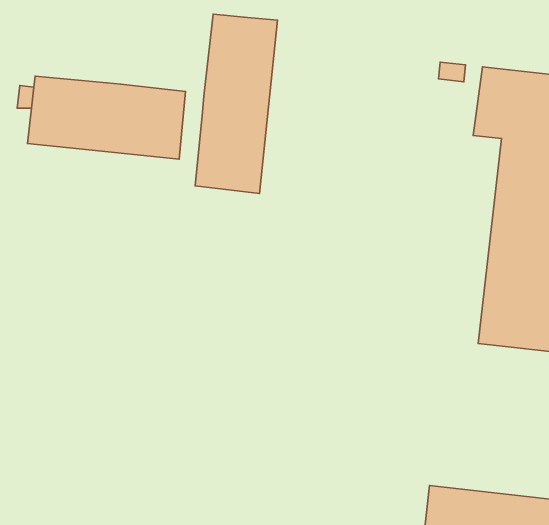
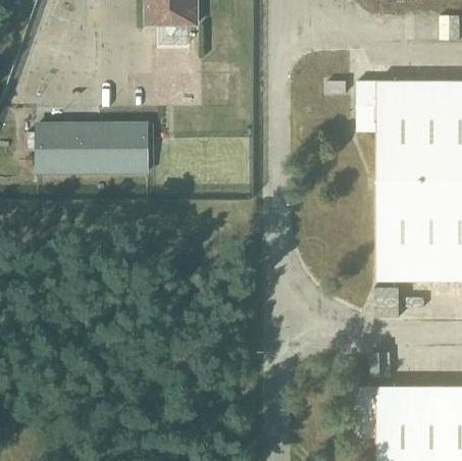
building: [195,14,278,194] -> none

